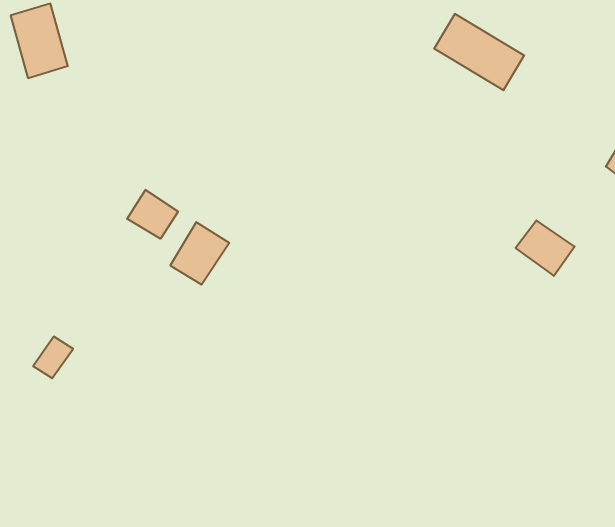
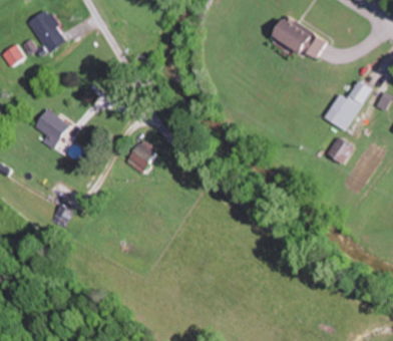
building: none -> [323,81,371,131]
building: none -> [34,108,71,149]
building: [127,190,178,239] -> none

